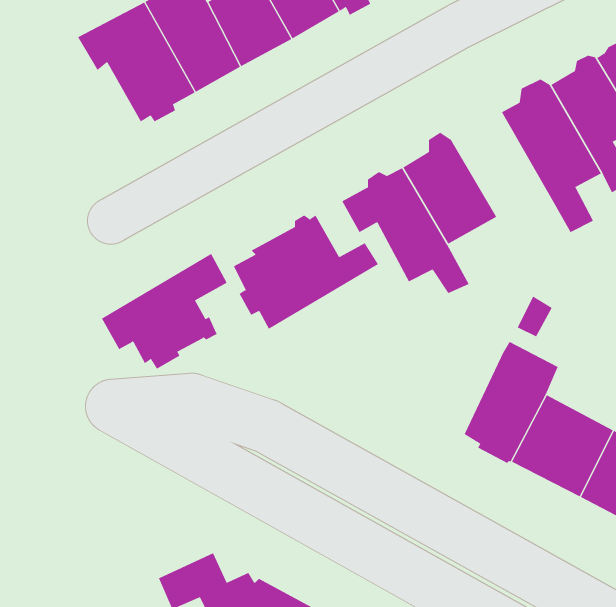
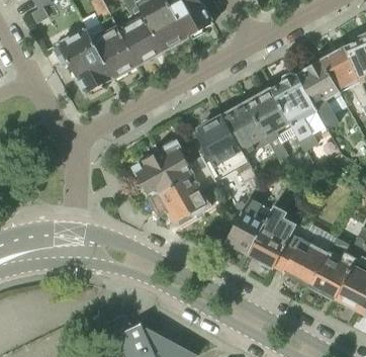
building: none -> [245,85,297,161]
building: [101,253,227,370] -> [151,166,215,226]
building: none -> [226,188,271,253]

